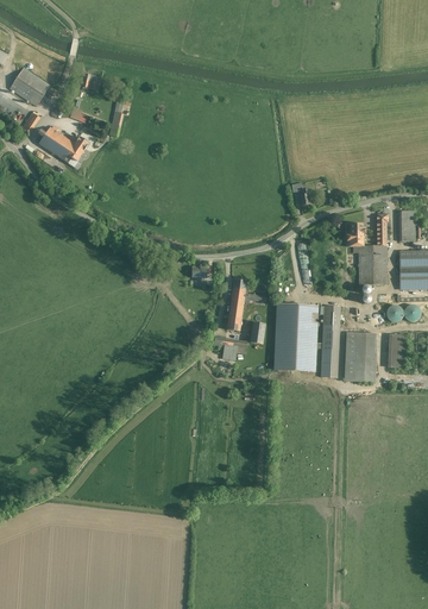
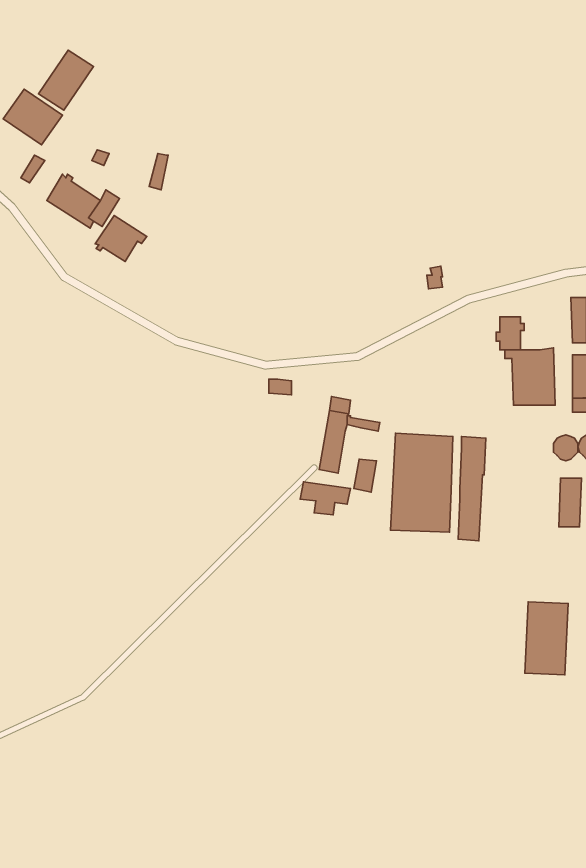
building: none -> [39,50,94,110]
building: none -> [95,215,147,261]
building: [344,332,373,382] -> [525,602,568,675]

